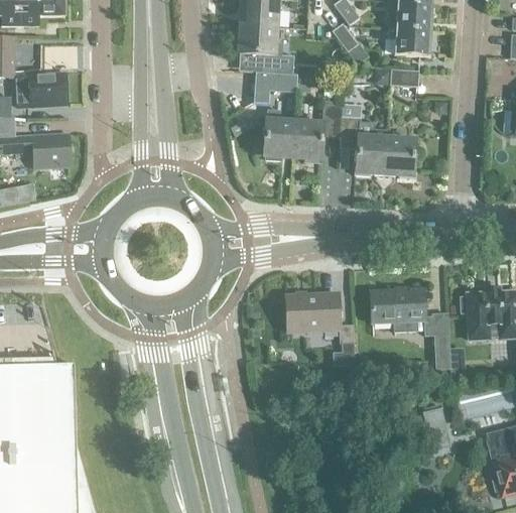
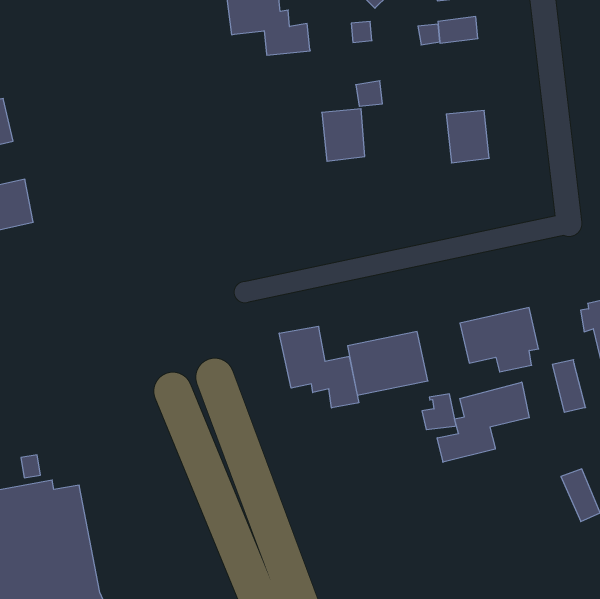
building: [256,73,297,91] -> none
building: [342,114,385,173] -> none
building: [264,120,294,159] -> none
building: none -> [279,326,359,408]
building: none -> [437,382,529,462]

